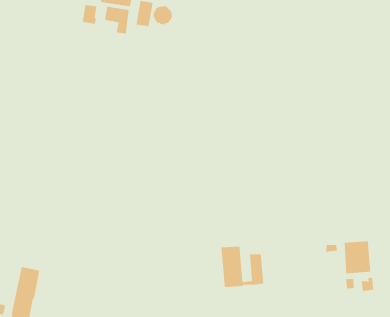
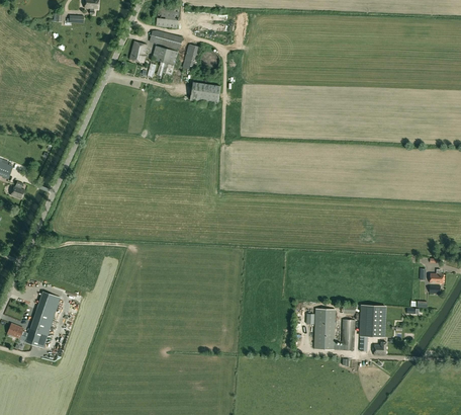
building: none -> [190,82,219,102]
building: [221,246,264,288] -> [314,308,355,349]

